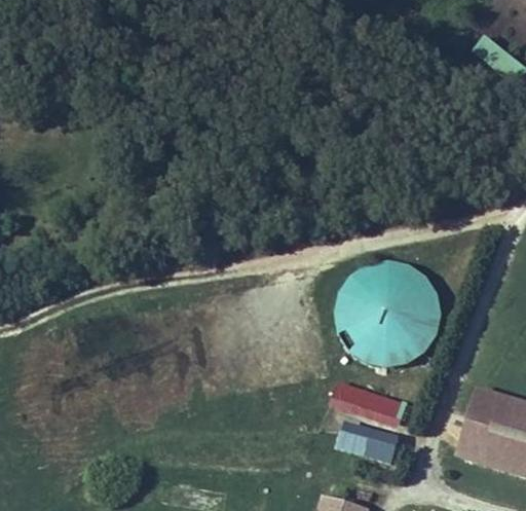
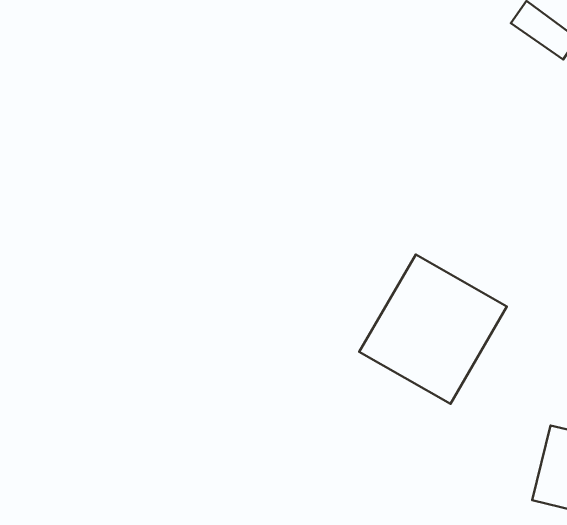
building: [330,382,407,425] -> none
building: [337,419,399,464] -> none

